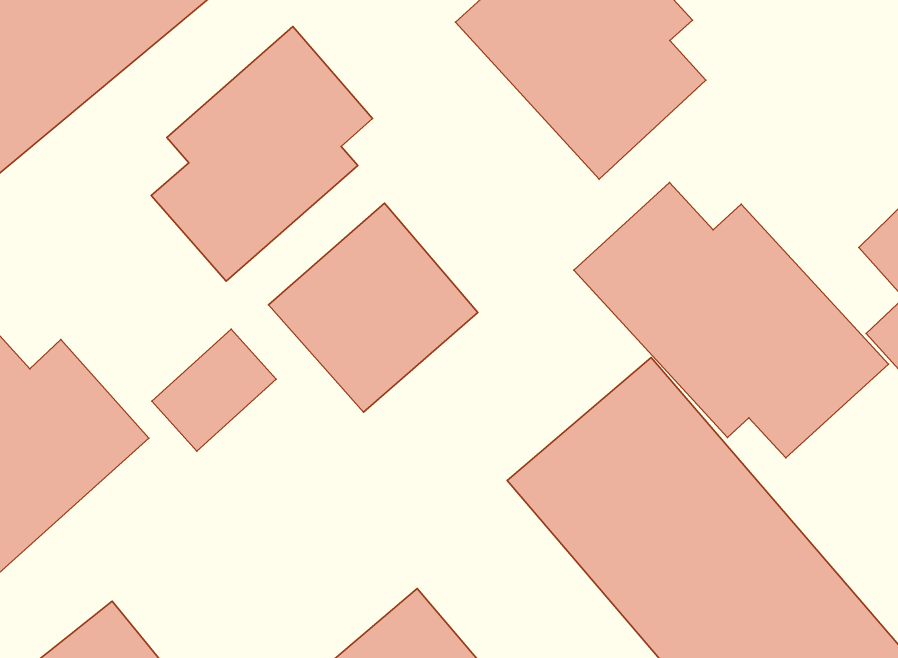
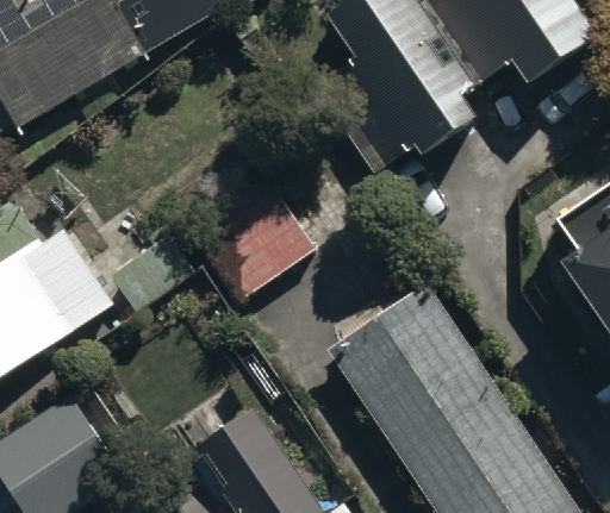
building: [151,27,373,281] -> none
building: [574,182,889,458] -> none

